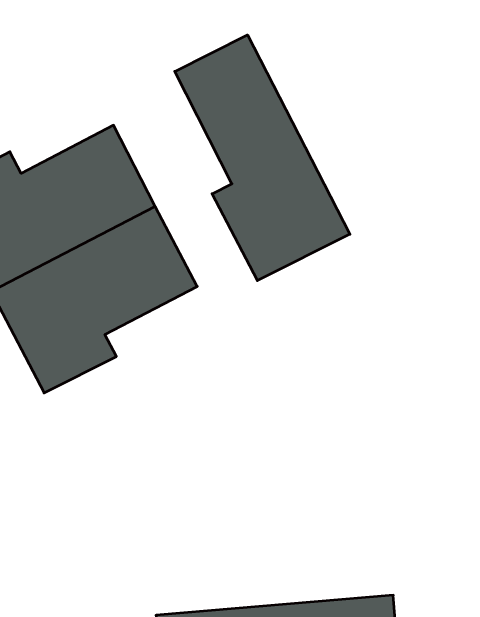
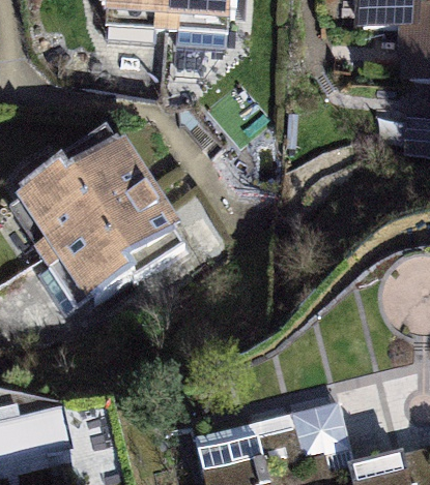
building: [175,35,350,281] -> none

